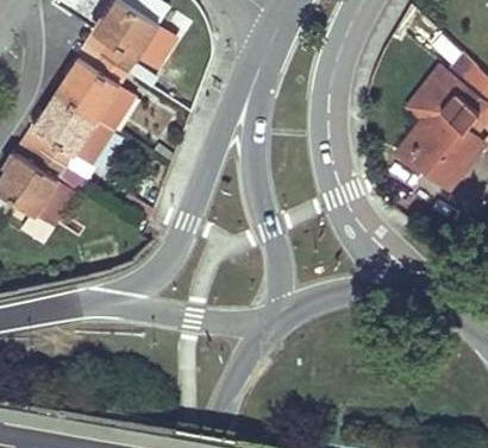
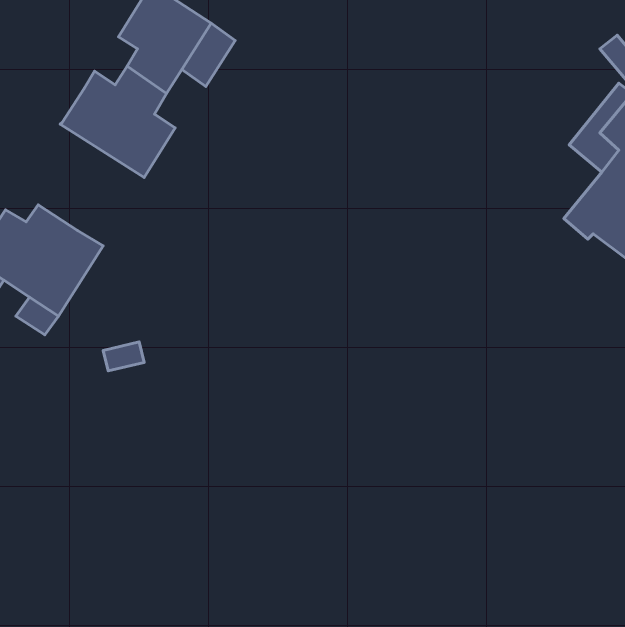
building: [31,94,112,178] -> none

